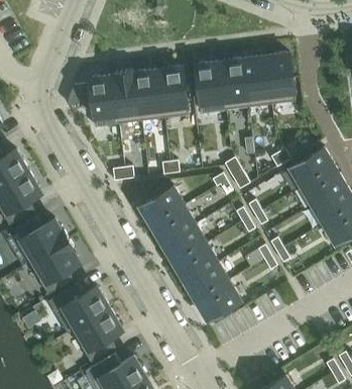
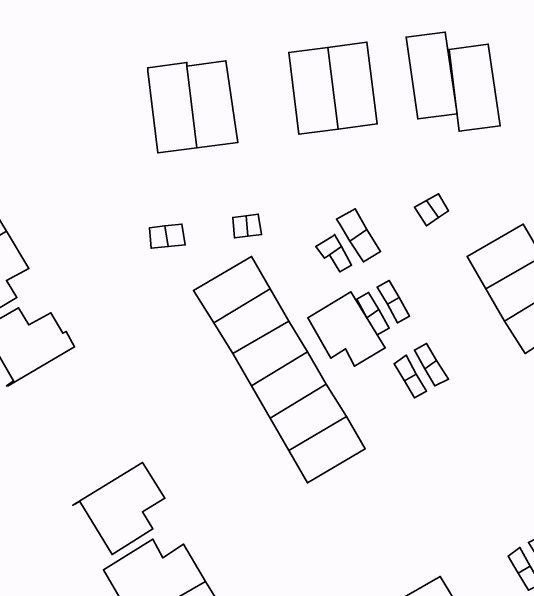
building: [242,55,272,106] -> [449,44,500,131]
building: [158,66,189,117] -> none
building: [67,75,118,126] -> none
building: [290,147,335,185] -> none
building: none -> [308,292,385,366]
building: [29,238,80,294] -> none
building: [48,283,109,332] -> none

